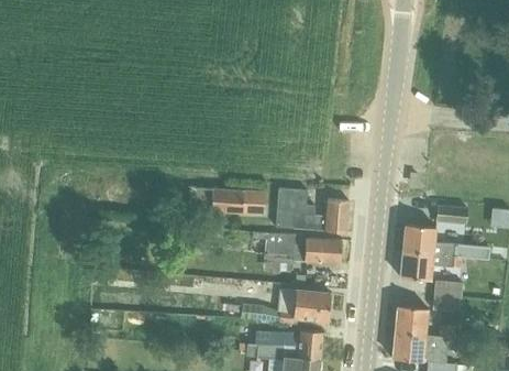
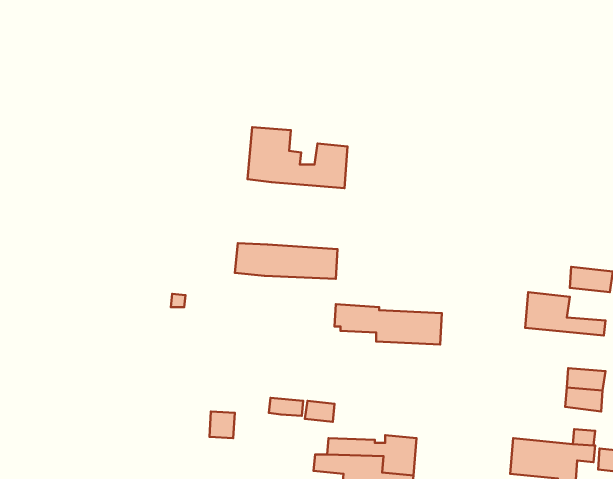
building: [276,187,350,232] -> [248,127,347,188]
building: [400,251,462,281] -> none
building: [279,290,331,324] -> none
building: [395,306,429,335] -> none

